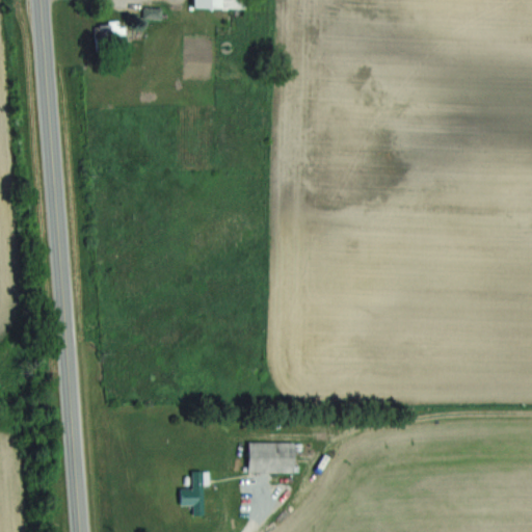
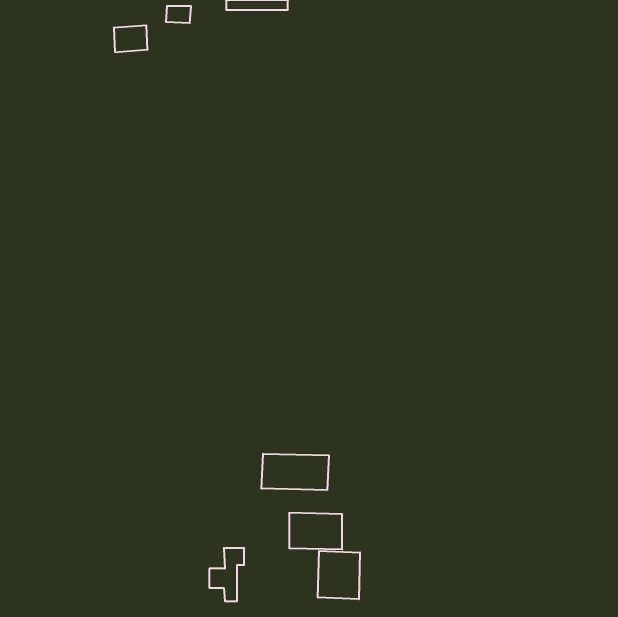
building: none -> [261,454,329,490]
building: none -> [318,551,360,599]

